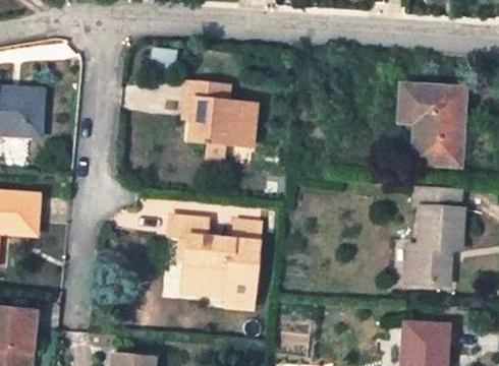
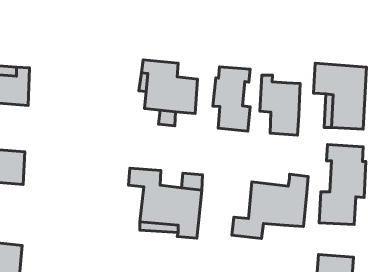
building: none -> [213,67,250,131]
building: none -> [260,75,300,135]
building: none -> [232,174,308,239]

